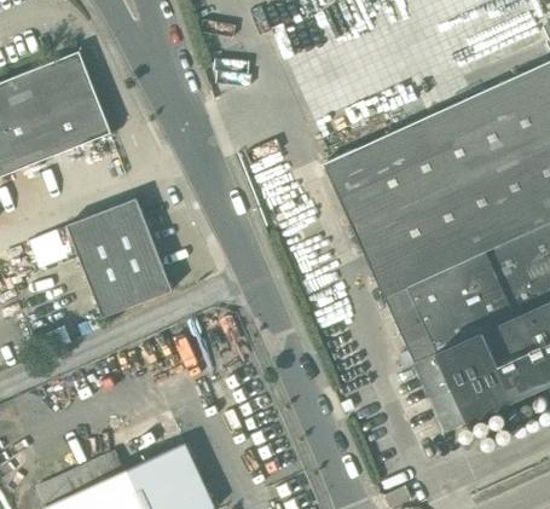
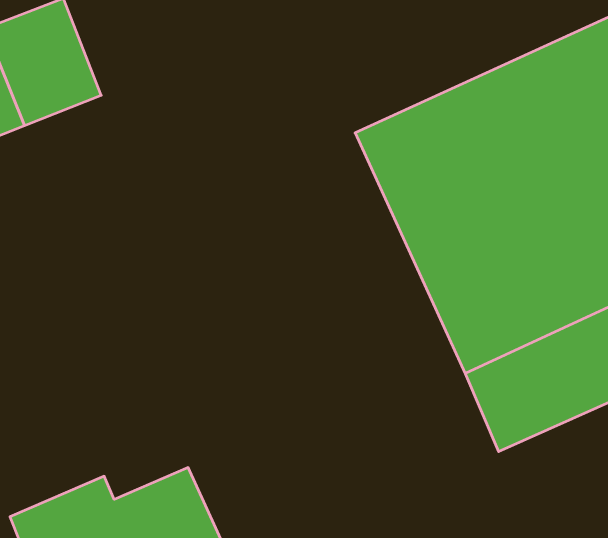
building: [68,199,172,317] -> none

